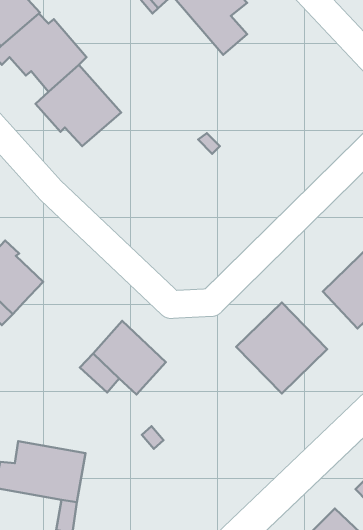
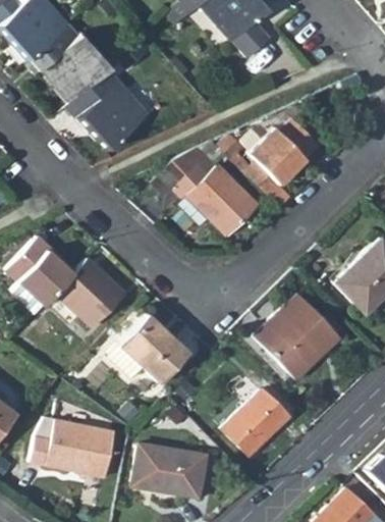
building: none -> [246,116,319,182]
building: none -> [169,143,257,232]
building: none -> [55,258,125,328]
building: none -> [222,385,292,456]
building: none -> [136,445,211,499]

